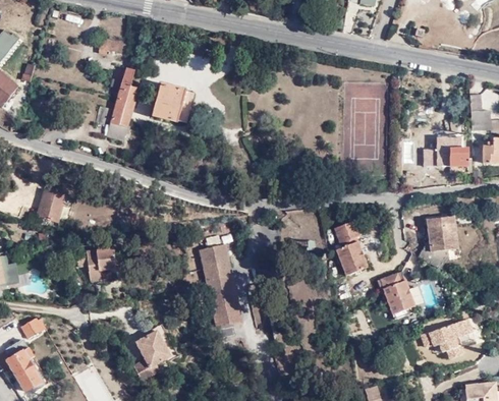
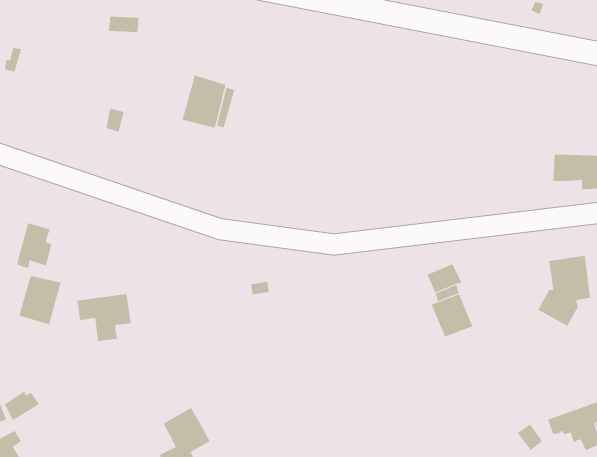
building: [106,64,137,140] -> none
building: none -> [19,275,61,325]
building: [201,245,241,327] -> none
building: [380,274,418,322] -> none

